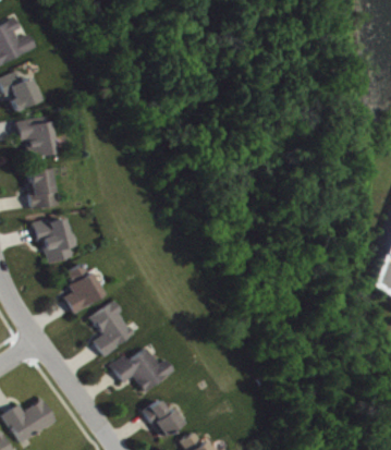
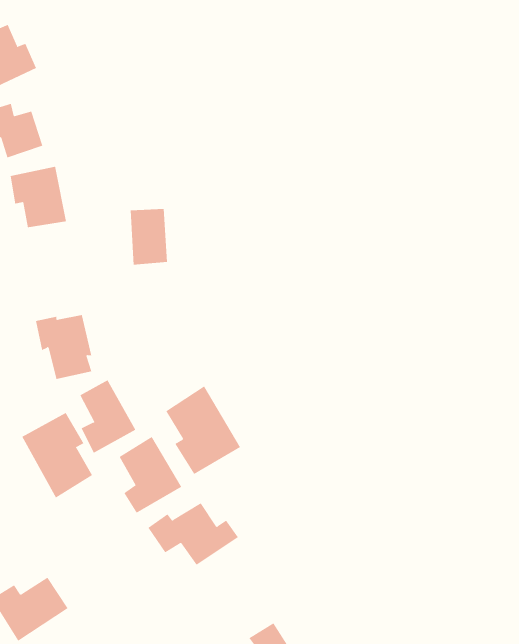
building: [30,170,57,209] -> [130,208,168,265]
building: none -> [165,385,241,475]
building: none -> [21,412,93,498]
building: [145,400,186,439] -> none

